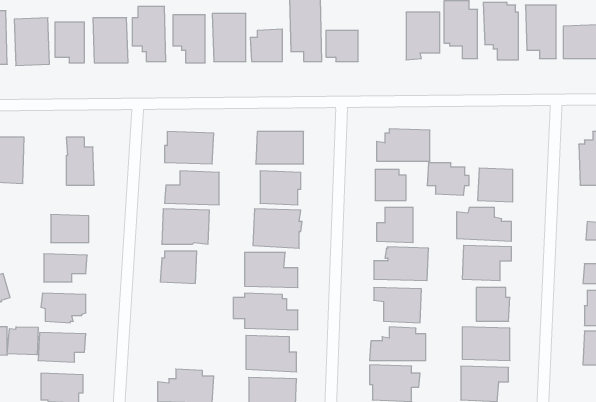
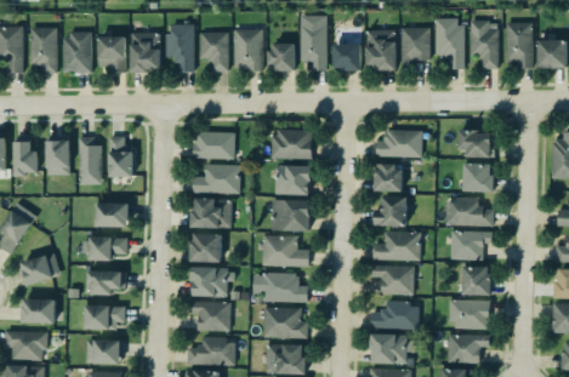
building: none -> [366,29,397,70]
building: none -> [80,137,102,184]
building: [427,163,469,195] -> [459,130,495,158]
building: none -> [193,268,235,297]
building: [7,327,38,355] -> none
building: none -> [189,302,231,331]

